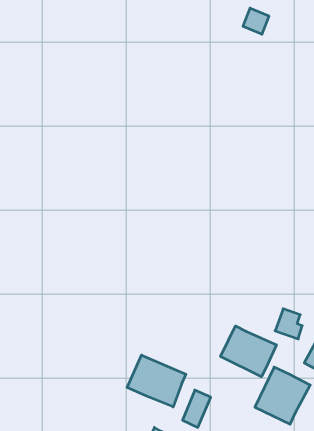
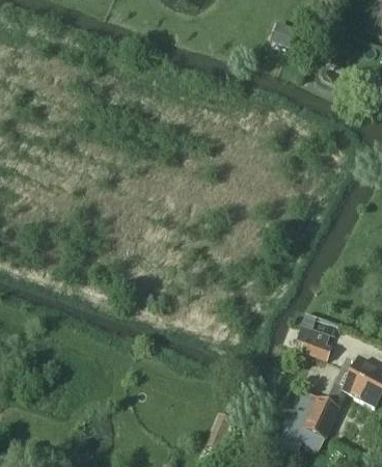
building: [221,326,276,377] -> none
building: [127,355,186,407] -> none

